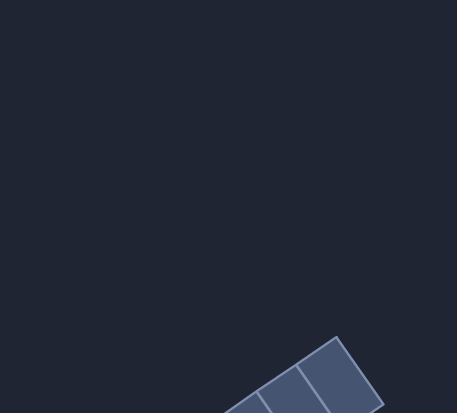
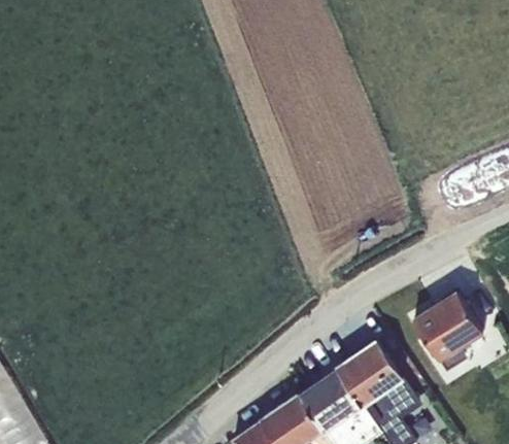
building: none -> [411,293,482,372]

